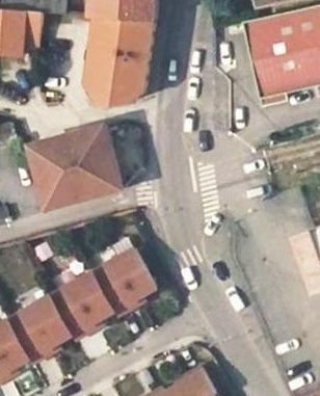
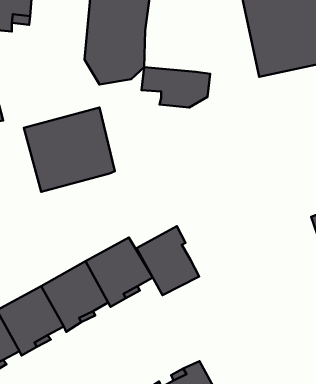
building: none -> [142,67,210,107]
building: none -> [137,226,199,295]

